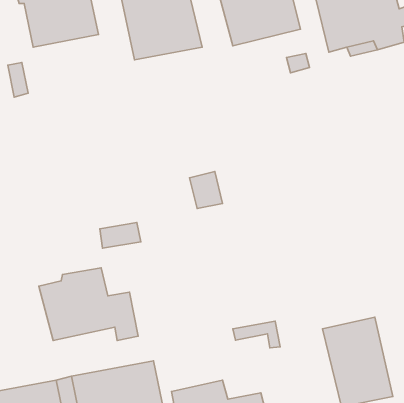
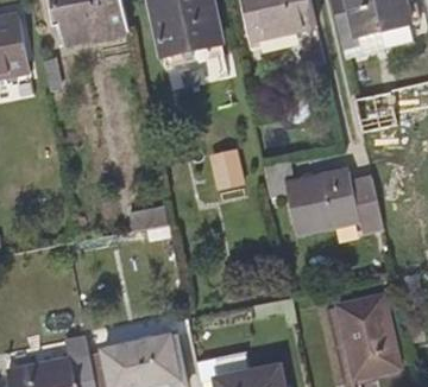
building: none -> [262,159,383,234]
building: [39,268,138,341] -> none

